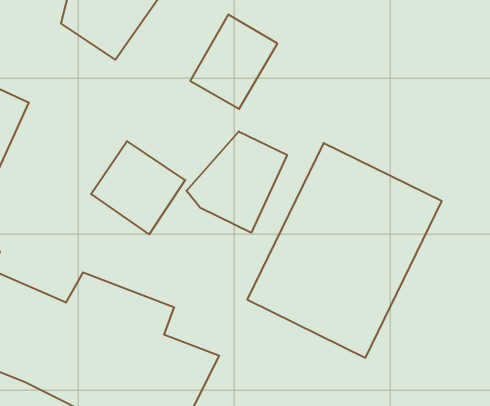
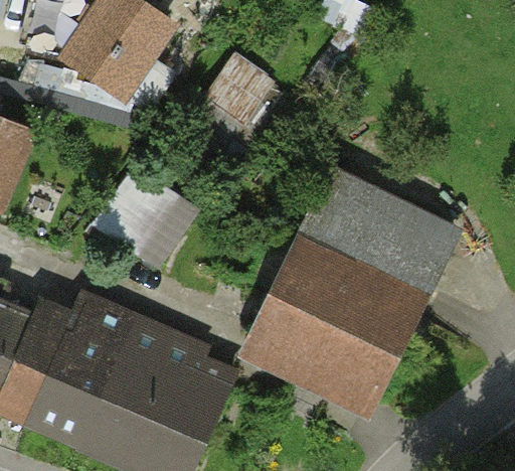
building: [186,131,287,233] -> none

